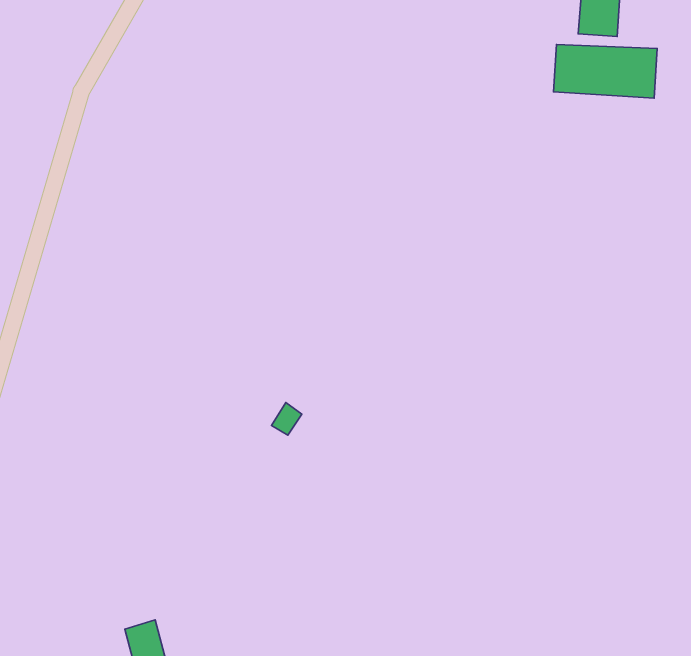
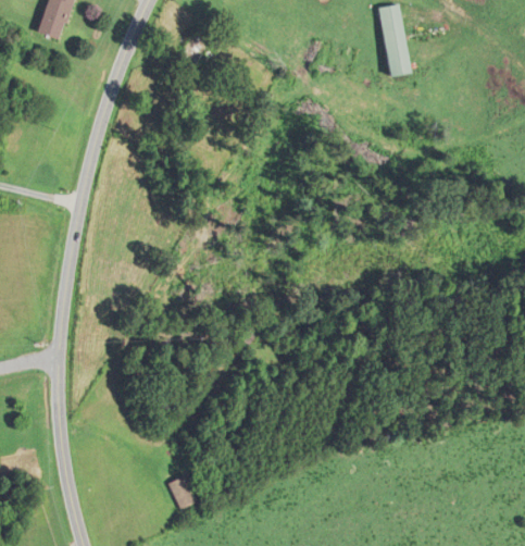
building: [553,44,657,98] -> none

